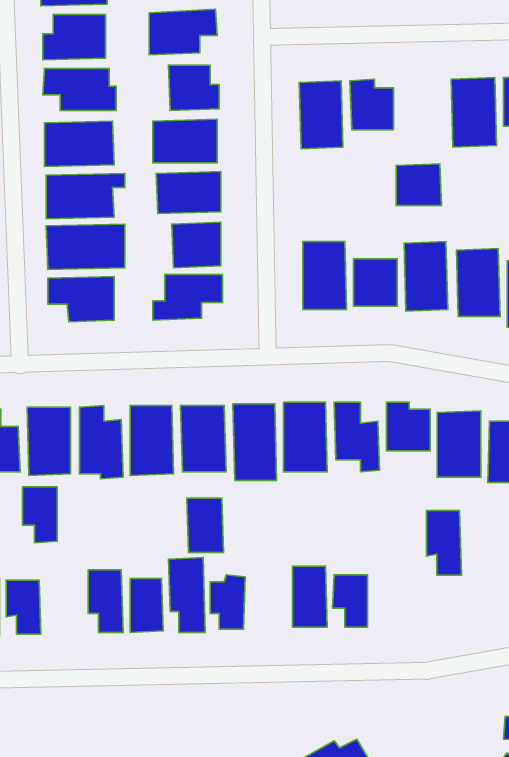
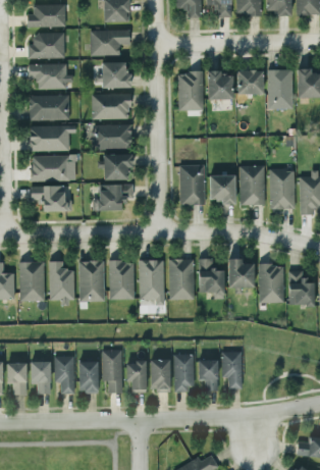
building: [396,164,442,206] -> [236,70,263,95]
building: [22,487,57,543] -> [30,362,50,395]
building: [187,498,223,552] -> [149,360,170,391]
building: [426,511,461,575] -> [221,352,242,389]

